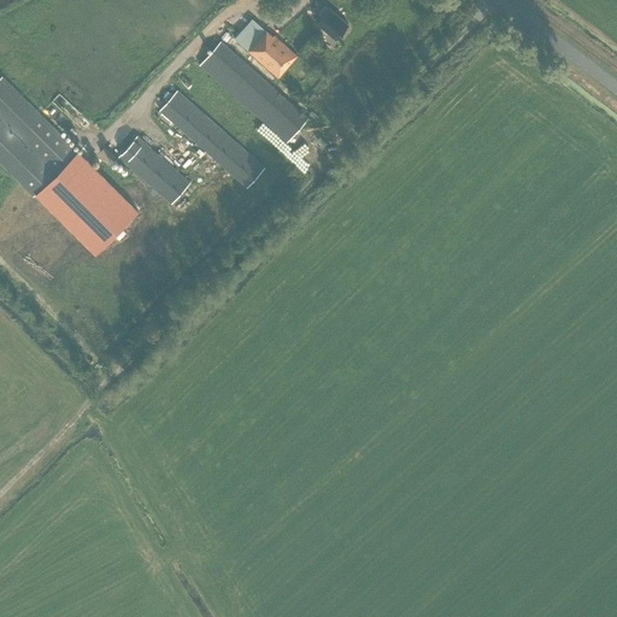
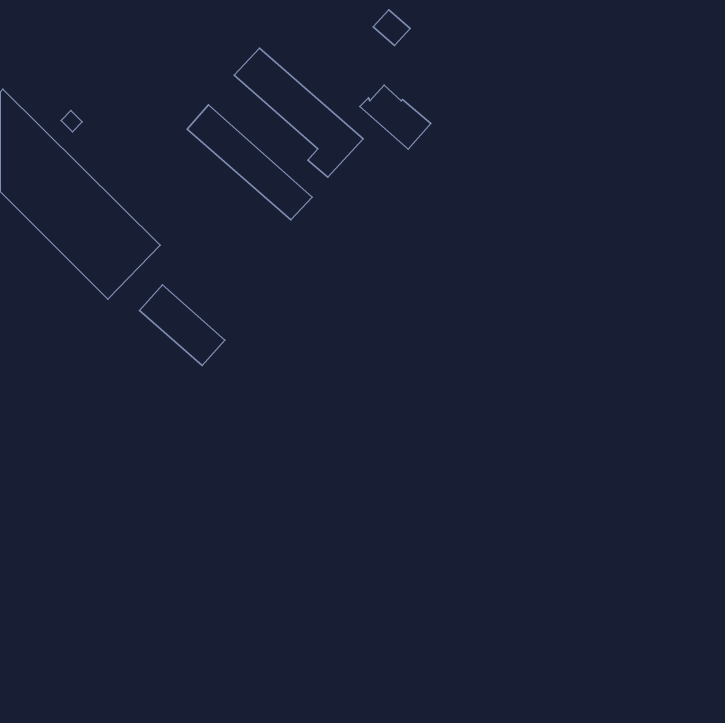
building: [237,24,298,78] -> [360,85,431,149]
building: [118,136,190,205] -> [140,285,225,366]

